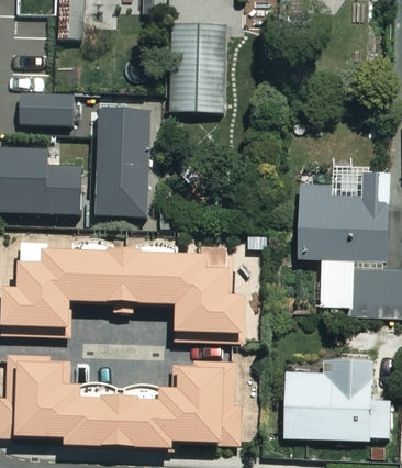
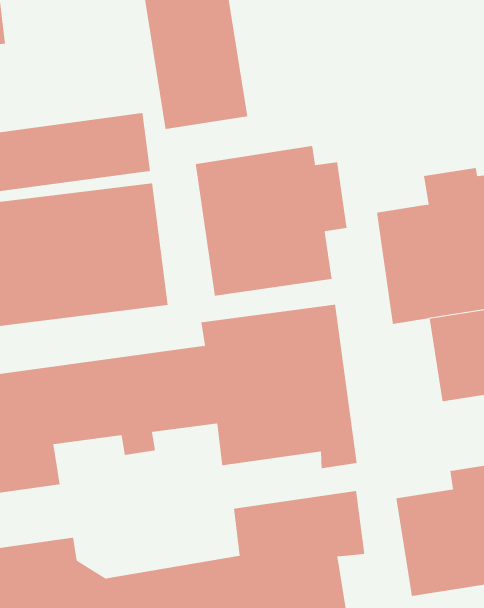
building: none -> [195,145,347,296]

